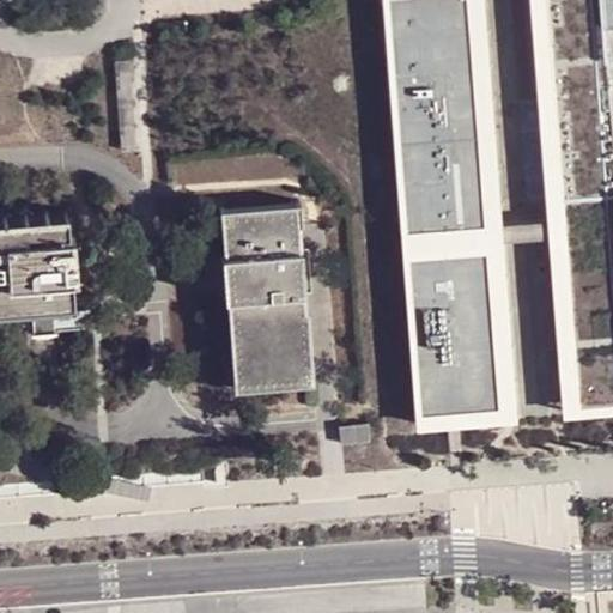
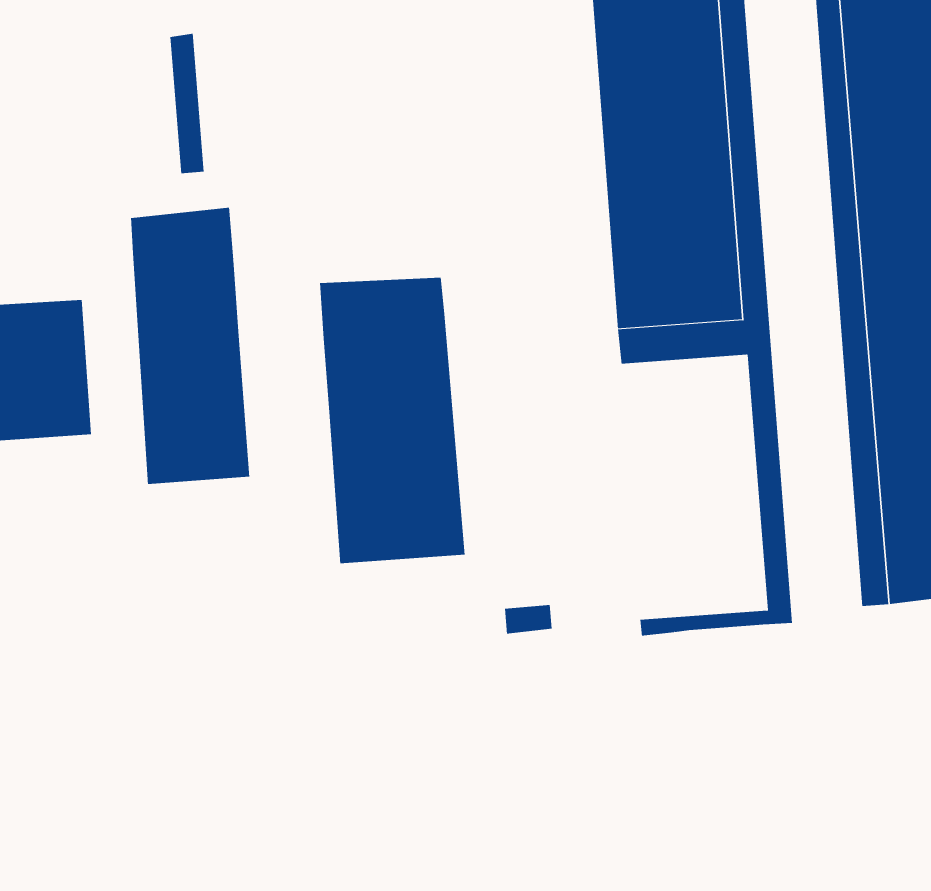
building: none -> [131,207,250,485]
building: [409,259,504,430] -> none

